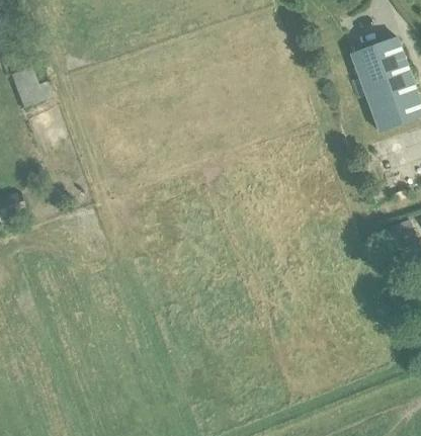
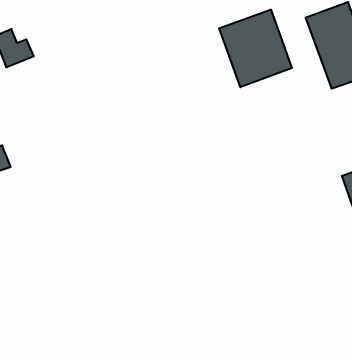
building: none -> [219,10,292,87]

